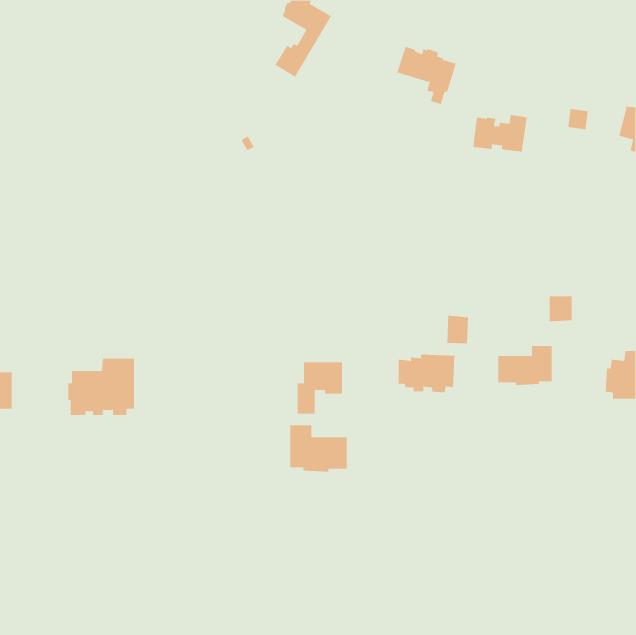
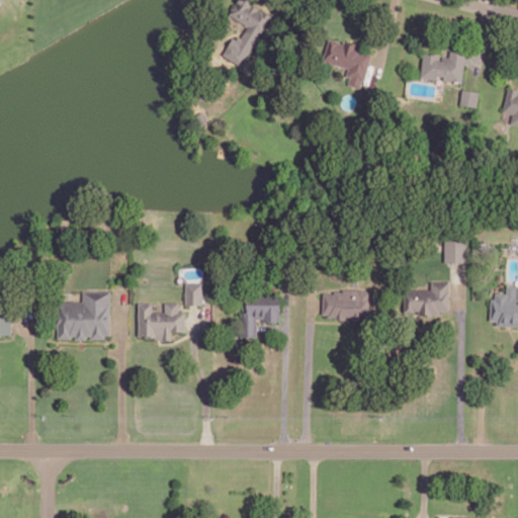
building: [473,115,527,152] -> [420,52,464,82]
building: [447,315,469,344] -> none
building: none -> [184,283,202,306]
building: none -> [138,305,183,341]
building: [290,424,347,473] -> none

